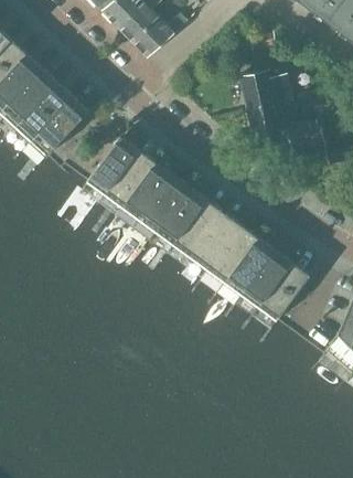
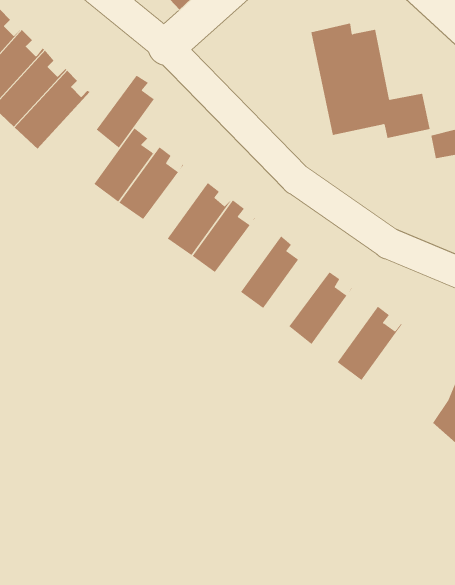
building: [122,166,168,217] -> [96,75,160,148]
building: [173,203,220,255] -> none
building: [207,227,254,279] -> none
building: [242,253,288,305] -> none

